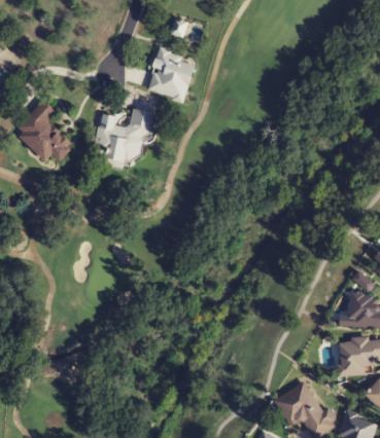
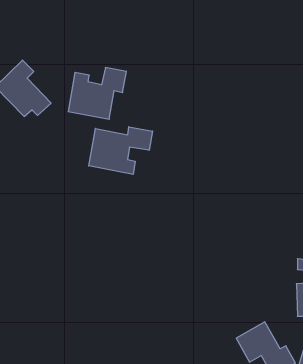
building: [144,47,196,101] -> none
building: none -> [89,127,153,174]

